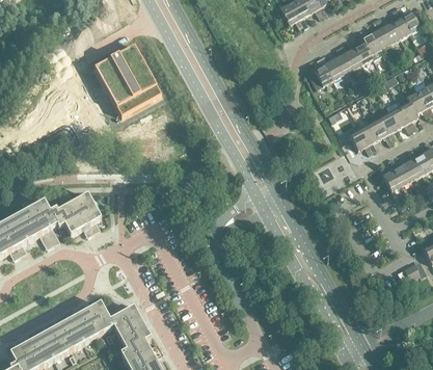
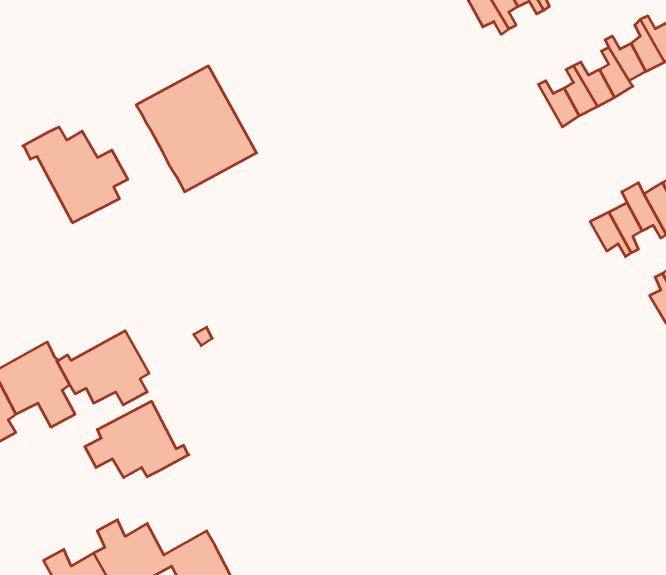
building: [307,55,333,87] -> none
building: none -> [23,127,128,223]
building: none -> [85,401,189,478]

